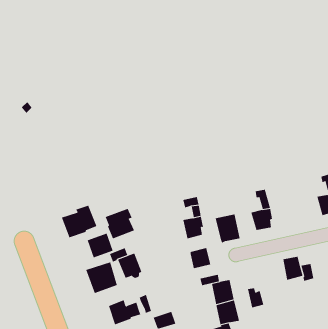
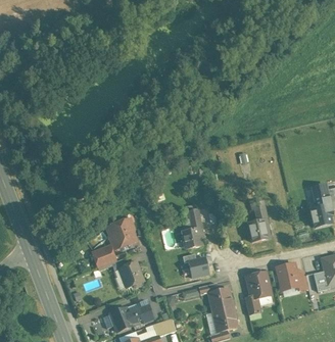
building: [61,205,97,238] -> none
building: [215,214,240,244] -> [246,272,271,300]
building: [85,262,118,294] -> none

